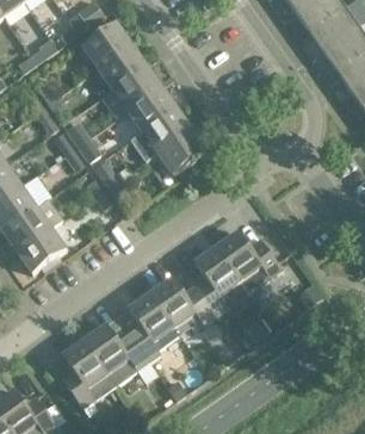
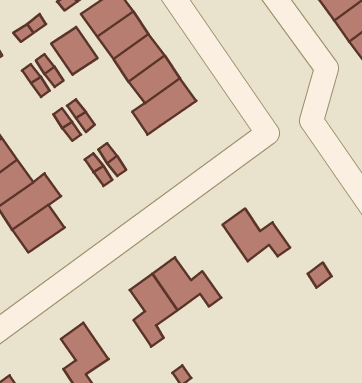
building: none -> [51,27,97,75]
building: [156,128,205,173] -> none
building: [193,246,240,315] -> none
building: [83,323,148,384] -> none

